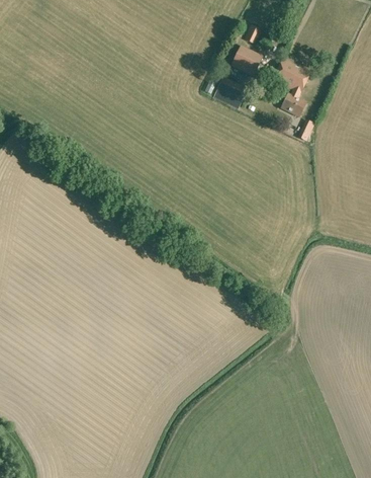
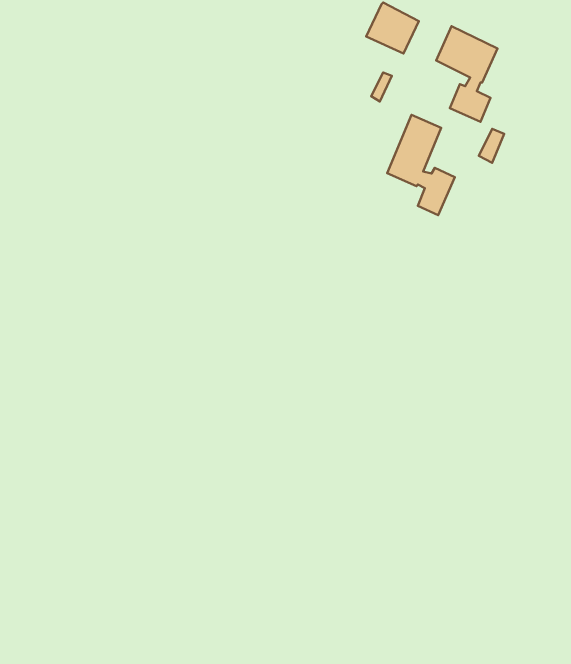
building: none -> [387,115,455,215]

